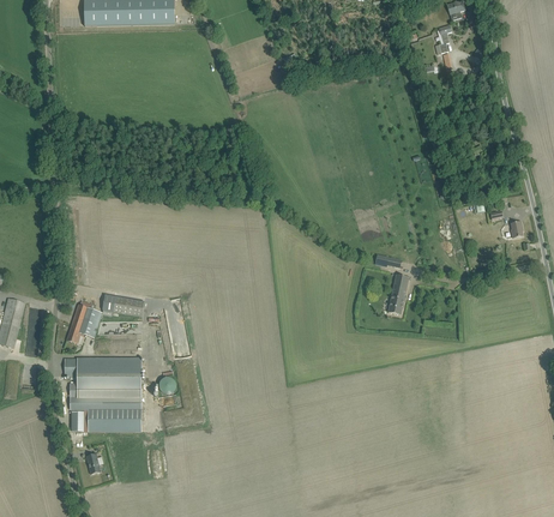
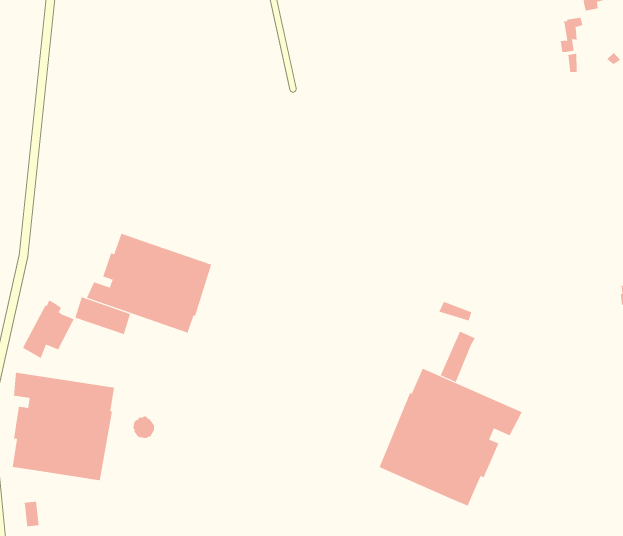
building: none -> [86,233,212,333]
building: none -> [379,368,522,507]

